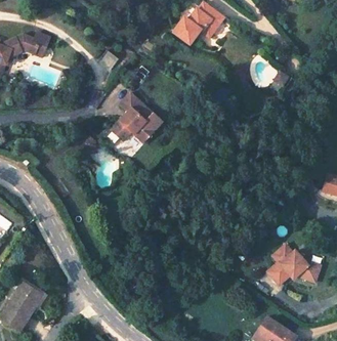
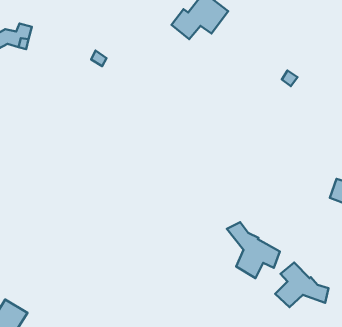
building: [112,90,164,140] -> none
building: none -> [227,222,280,278]

